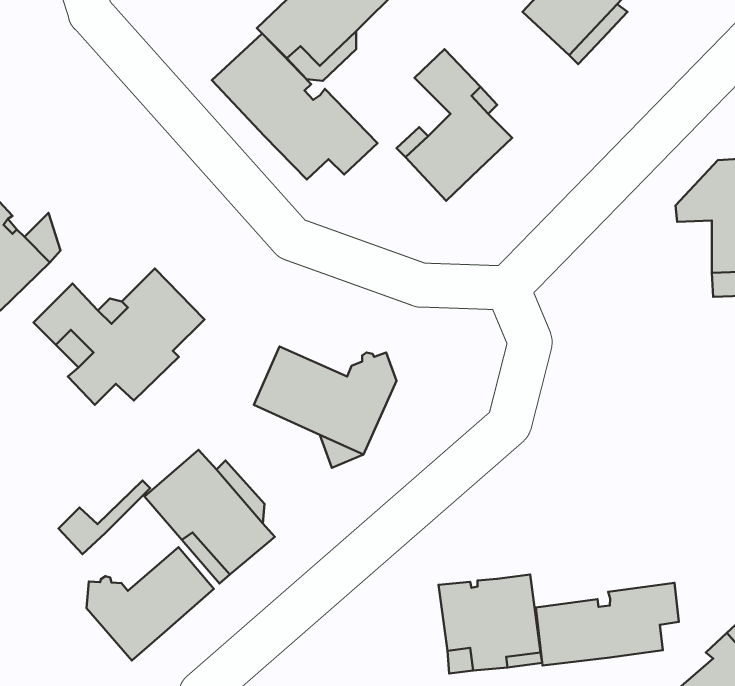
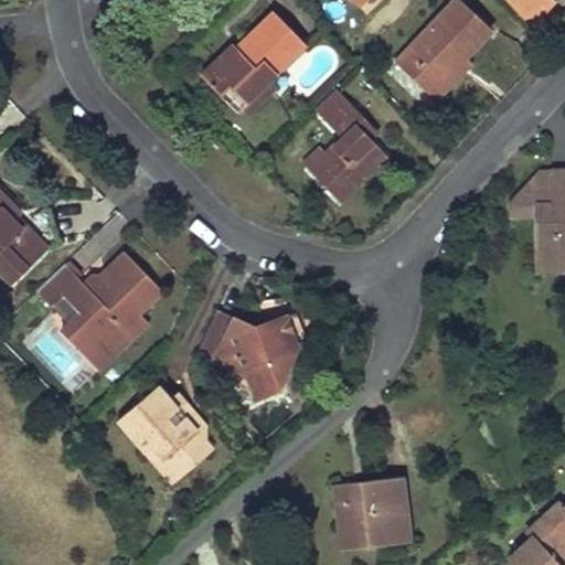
building: [212,33,378,180] -> none
building: [59,481,150,554] -> [81,317,148,371]
building: [86,547,214,660] -> none
building: [536,583,679,665] -> none

